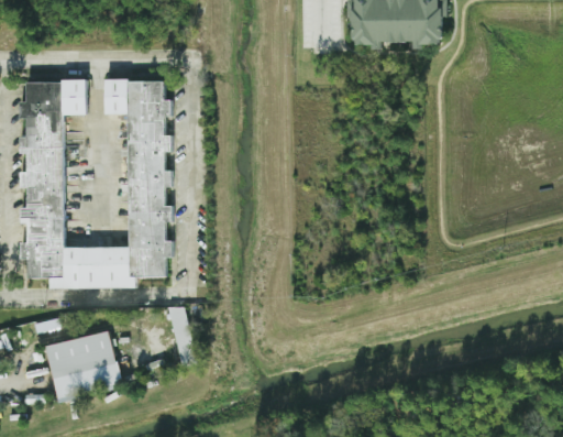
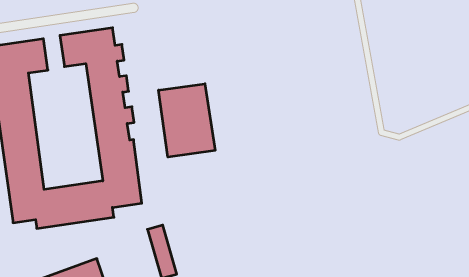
building: none -> [159,84,215,157]

